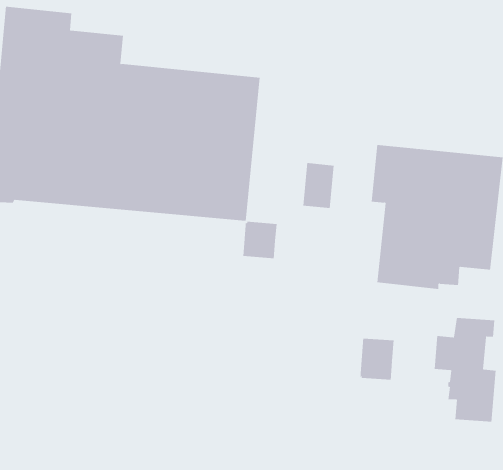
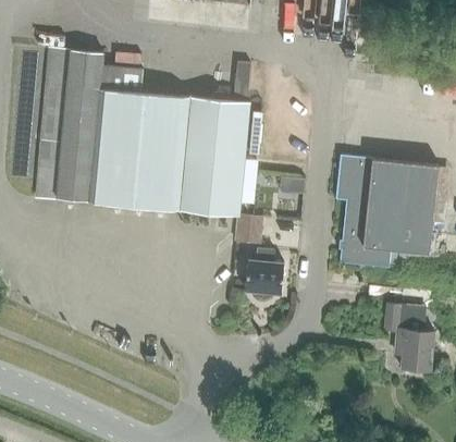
building: none -> [244,249,282,294]
building: [360,338,394,380] -> none

